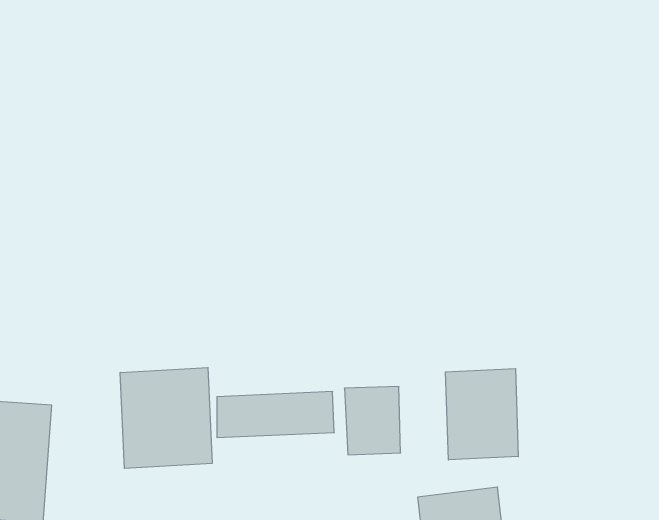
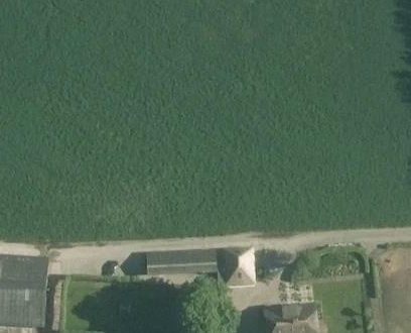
building: [120,367,212,468] -> none
building: [446,369,518,460] -> none

